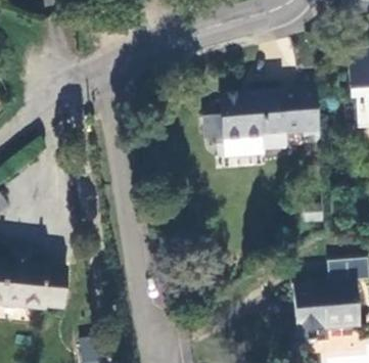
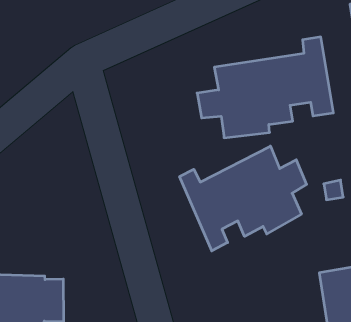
building: none -> [180,146,307,251]

